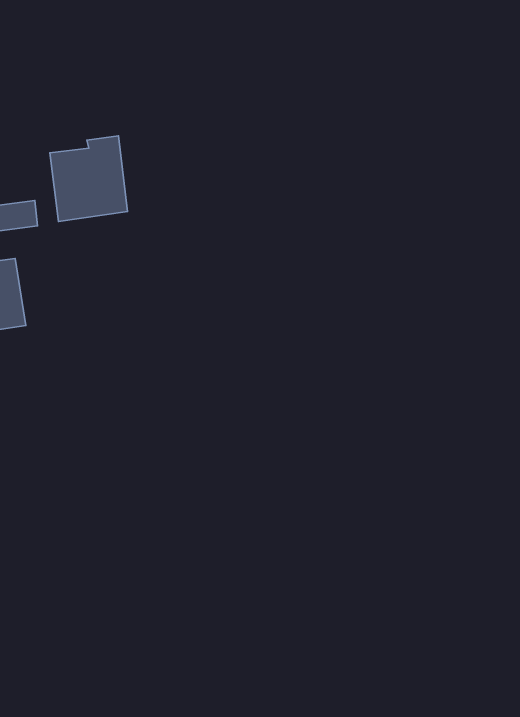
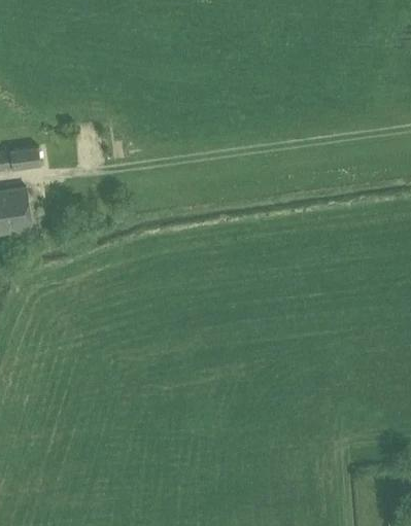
building: [50,136,128,222] -> none

